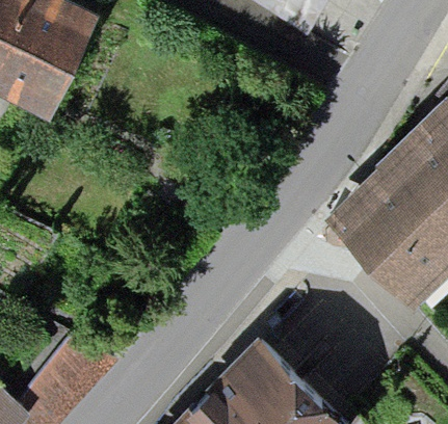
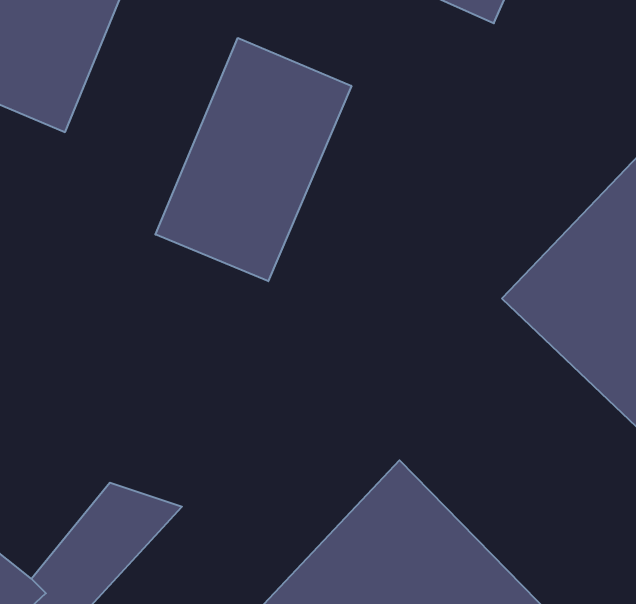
building: none -> [155,38,351,281]

